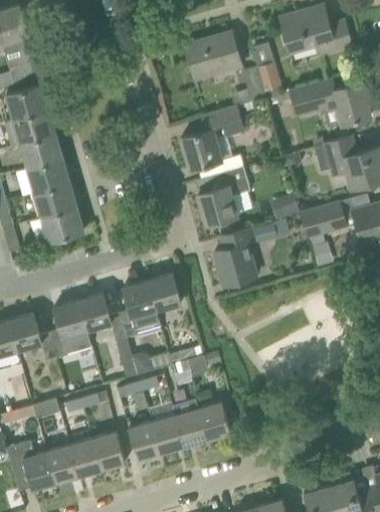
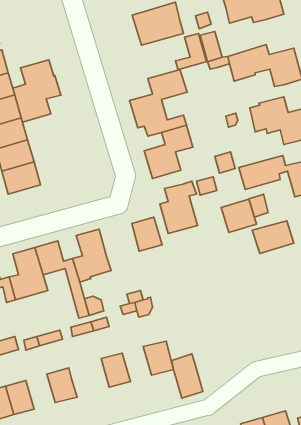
building: none -> [13,60,61,122]
building: none -> [221,199,256,232]
building: none -> [252,221,294,253]
building: [148,273,181,310] -> [132,217,162,251]
building: [171,398,205,447] -> [172,354,203,398]
building: [126,421,159,460] -> none
building: [67,439,100,477] -> none

